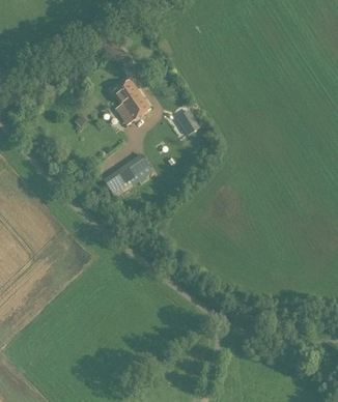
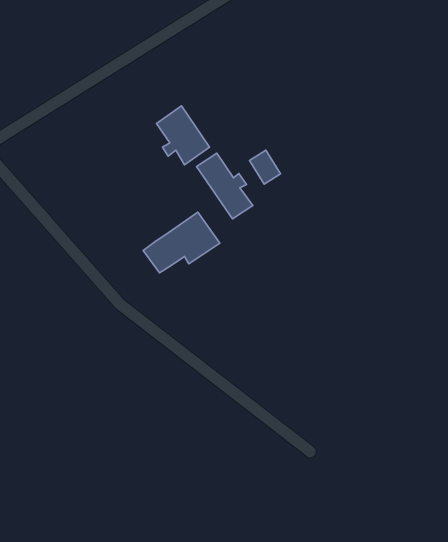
building: none -> [196,153,253,219]

